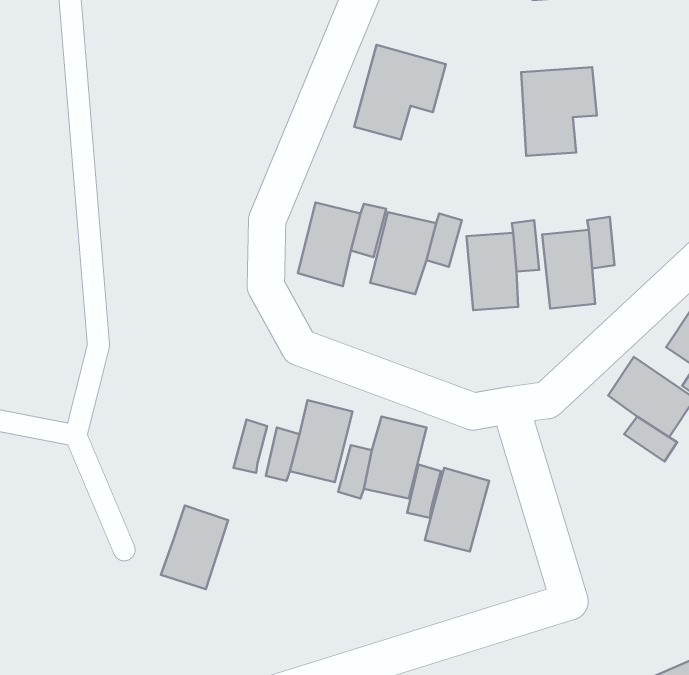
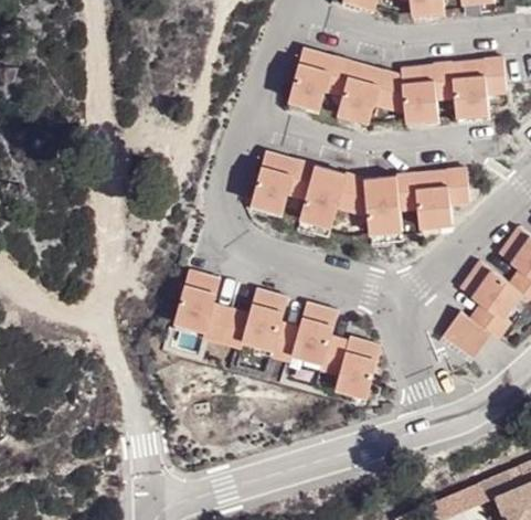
building: none -> [453,56,505,117]
building: none -> [337,62,403,127]
building: none -> [444,314,488,355]
building: [161,506,228,589] -> [172,270,219,328]

